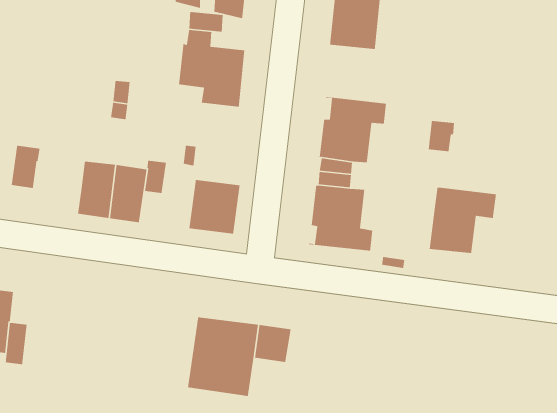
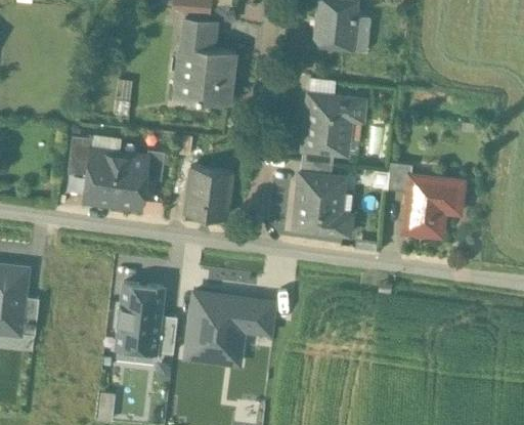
building: [428,120,455,152] -> [387,163,411,192]
building: [11,145,40,189] -> [67,137,93,177]
building: none -> [115,282,165,351]

